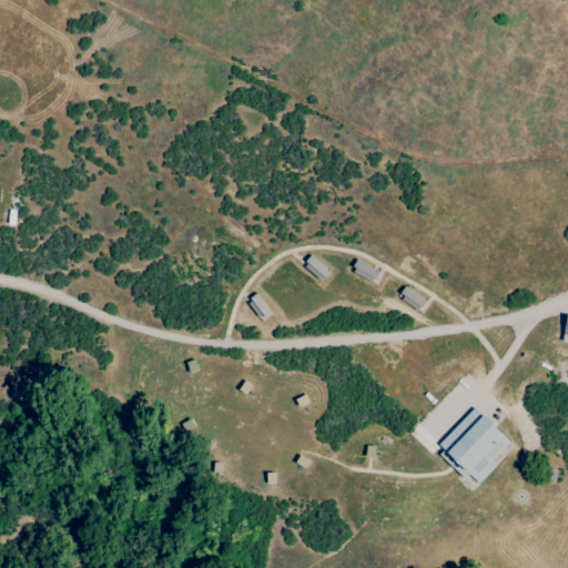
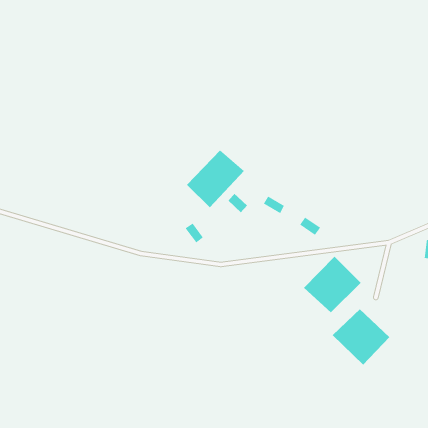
building: none -> [186,150,245,208]
building: none -> [303,256,361,313]

